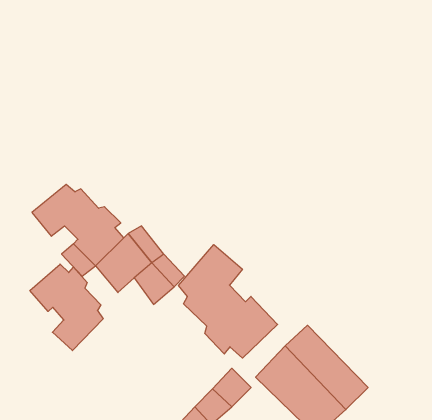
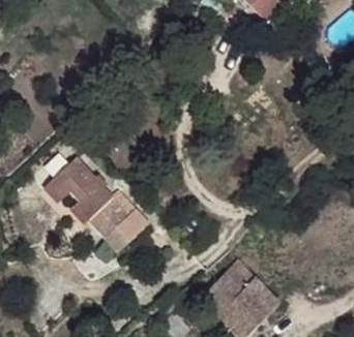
building: [179,245,278,358] -> none
building: [30,264,103,351] -> none

